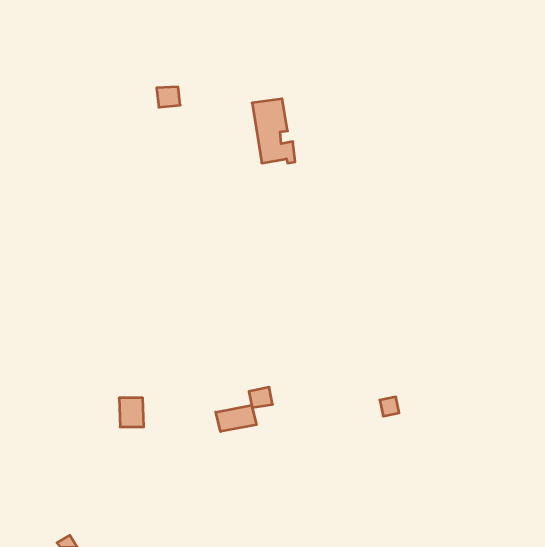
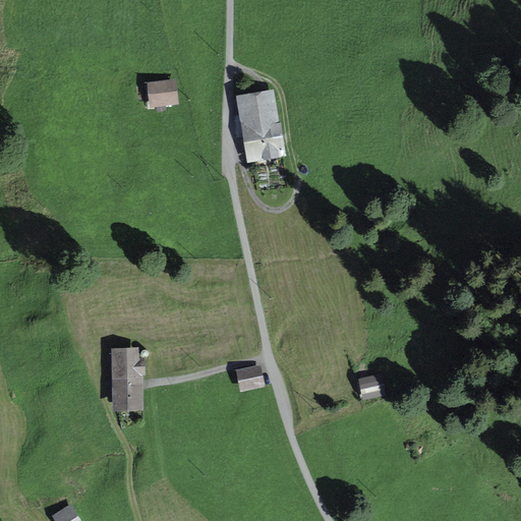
building: none -> [113,351,138,378]
building: [216,405,256,432] -> none

